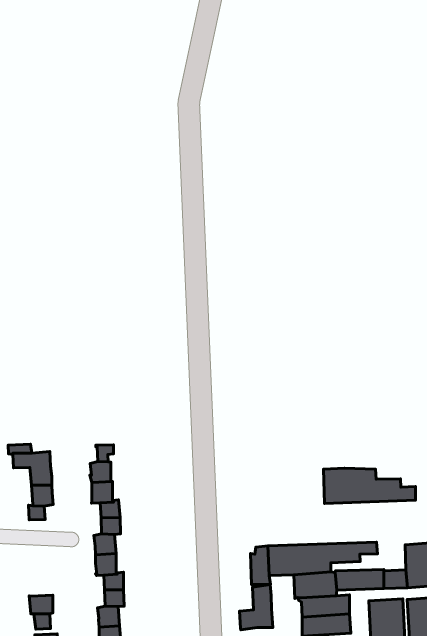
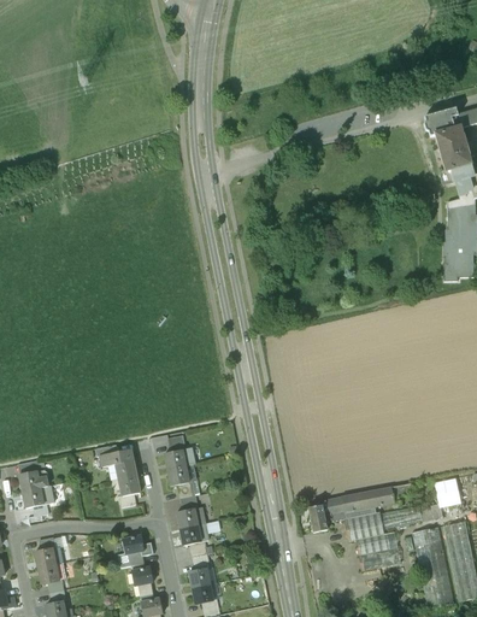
building: [324,468,416,504] -> none
building: none -> [117,535,153,568]
building: [239,584,273,630] -> none

